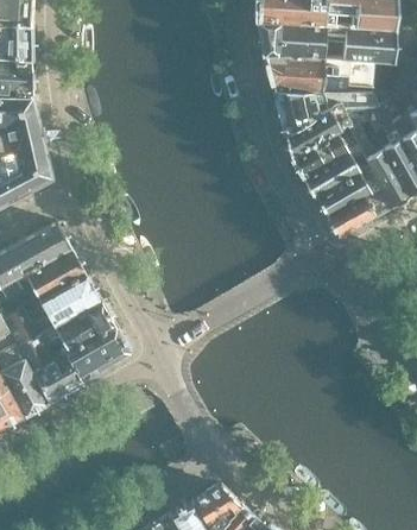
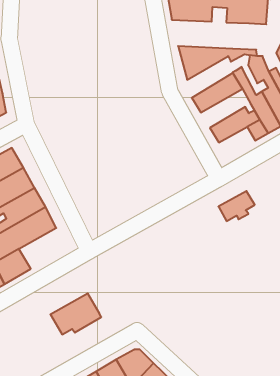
building: [267,56,368,94] -> none
building: [288,101,369,158] -> none
building: [305,146,371,197] -> none
building: [329,196,377,235] -> [218,191,255,221]
building: [68,328,134,381] -> [50,293,101,334]

